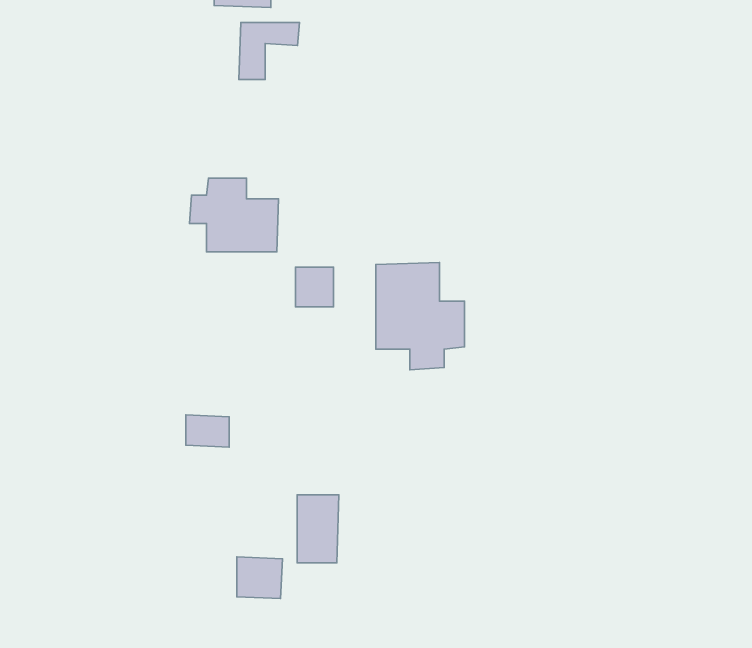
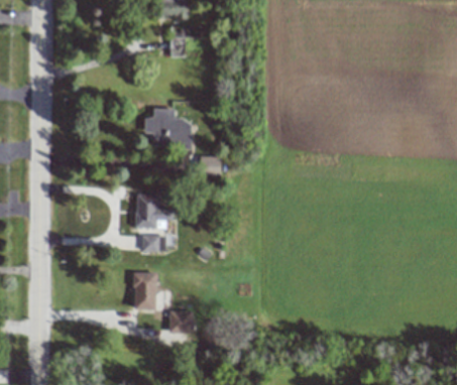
building: [376,262,464,370] -> none
building: none -> [134,195,174,229]
building: [297,495,339,563] -> [133,273,155,309]

